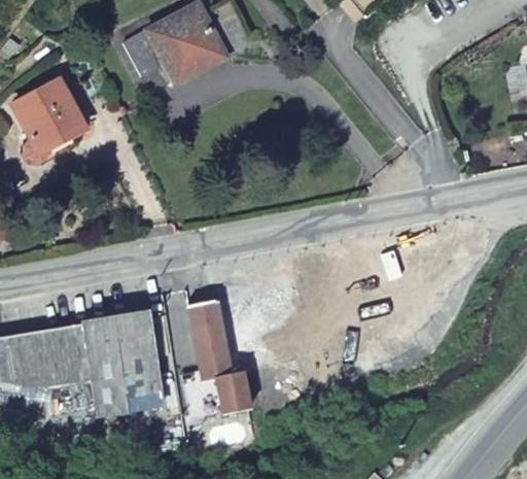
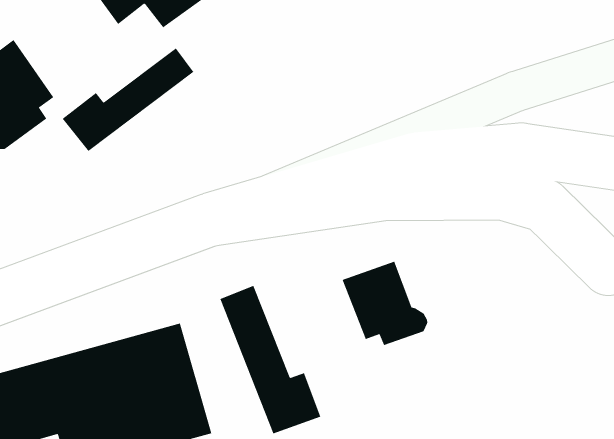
building: none -> [62,47,194,152]
building: none -> [342,261,428,346]

